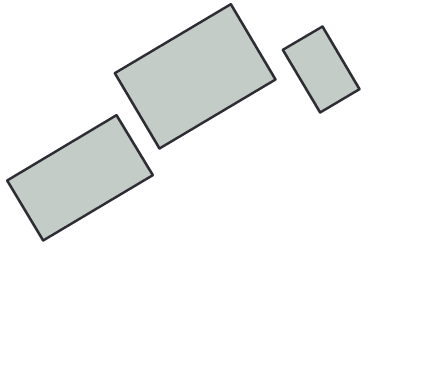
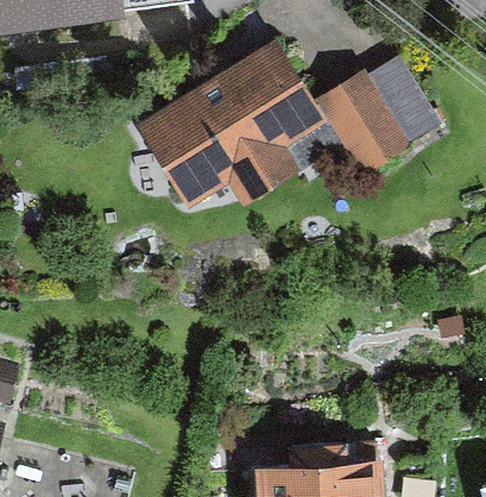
building: [7,115,153,241] -> none

